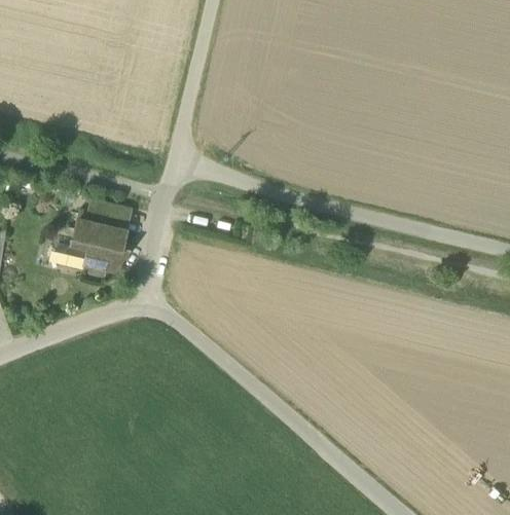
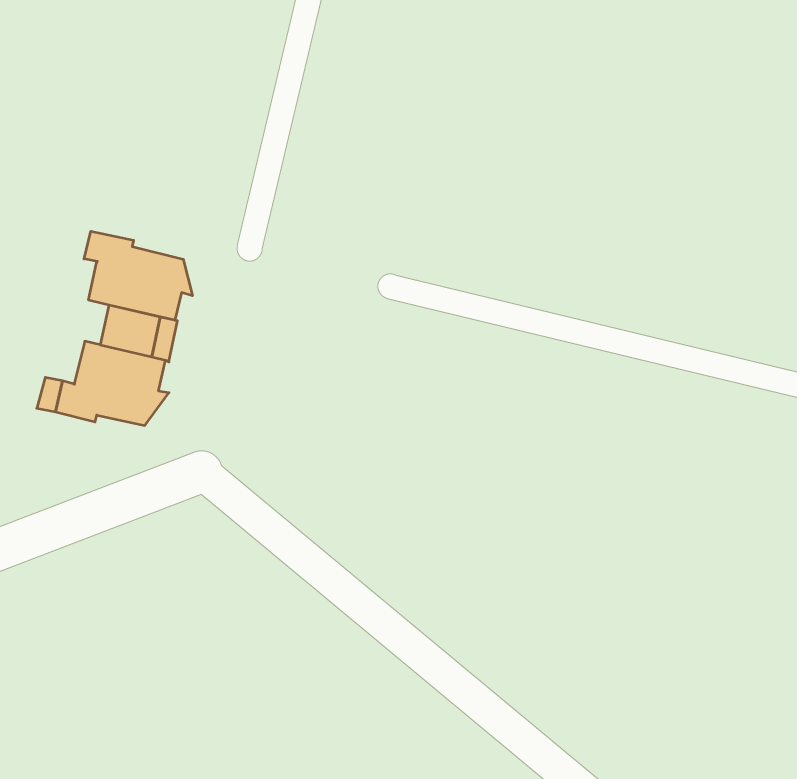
building: none -> [84,231,192,320]

